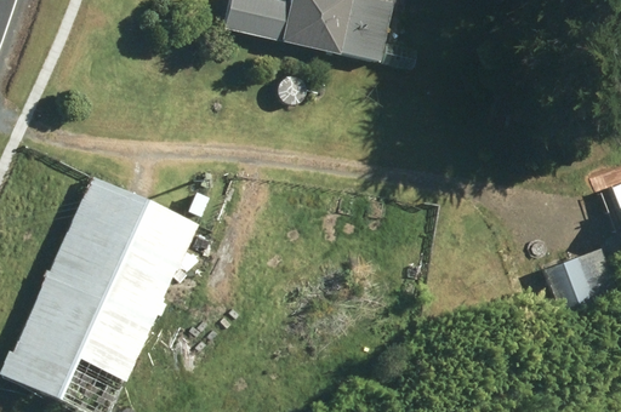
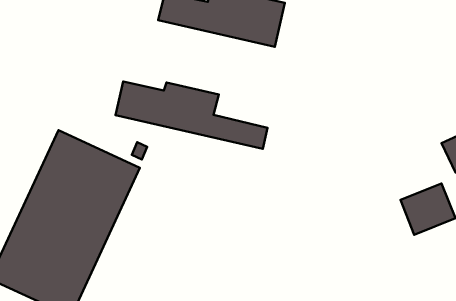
building: none -> [116,81,268,149]

